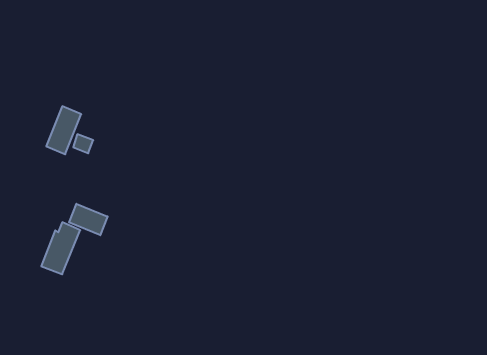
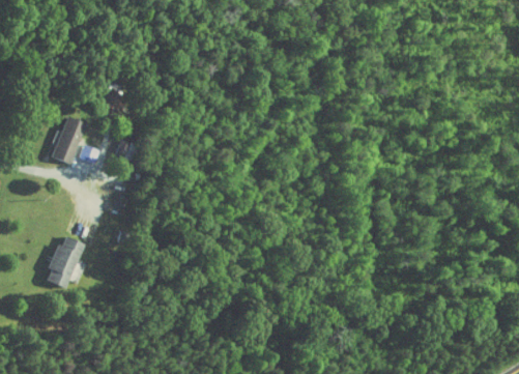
building: [69,204,108,235] -> none

